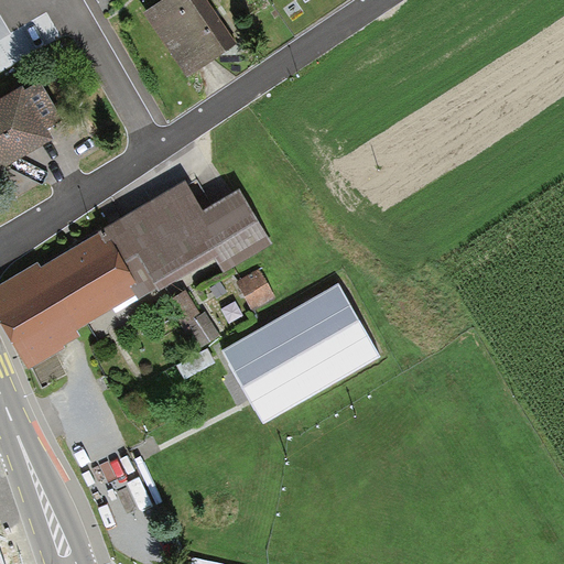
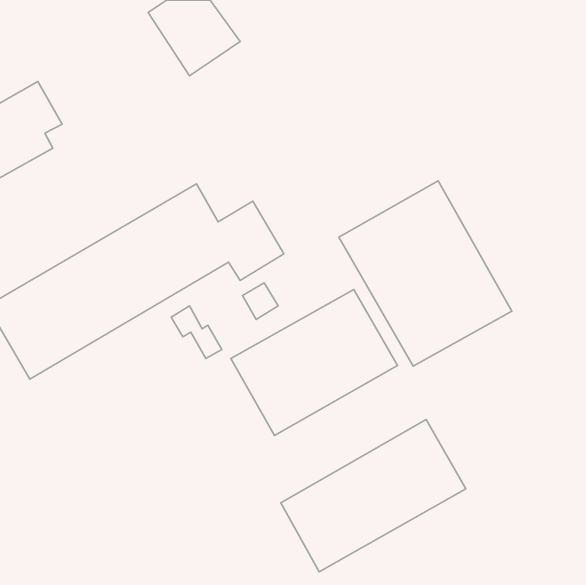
building: none -> [339,181,512,366]
building: none -> [281,419,466,572]

